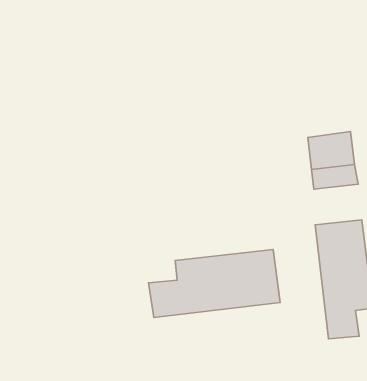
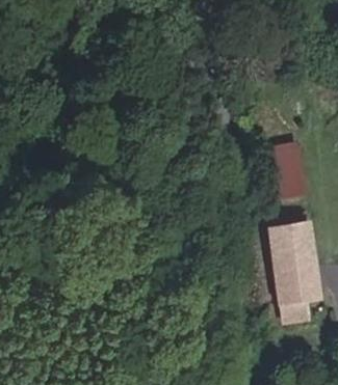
building: [148,250,280,317] -> none

